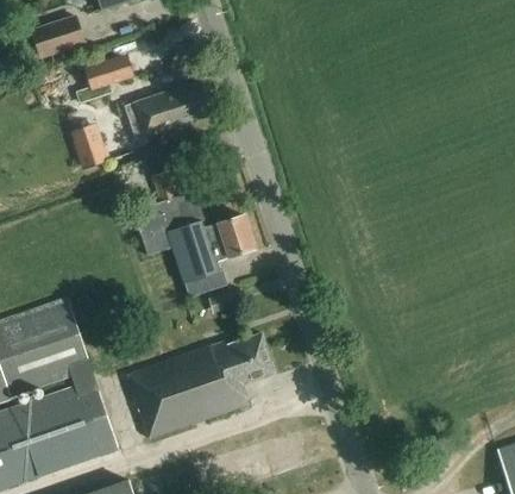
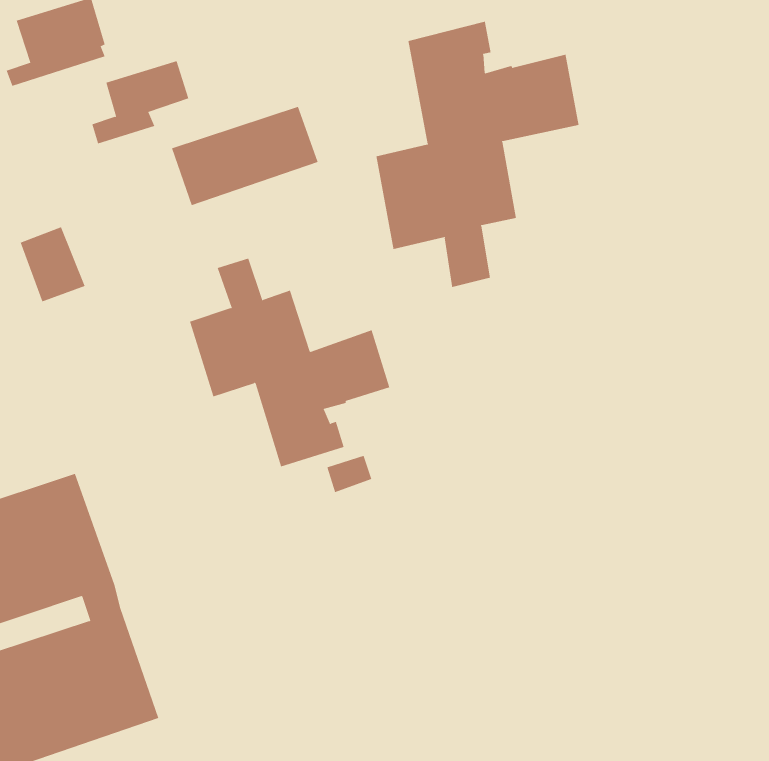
building: none -> [376,21,579,288]
building: [70,126,109,171] -> [20,226,86,302]
building: [127,333,274,438] -> none

